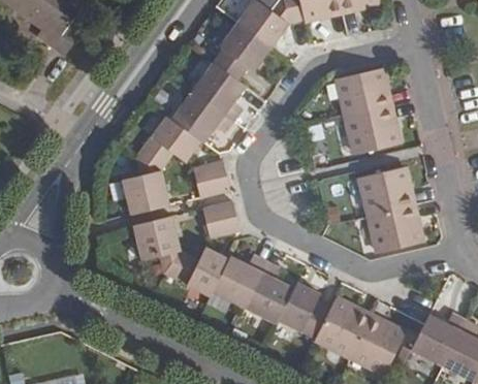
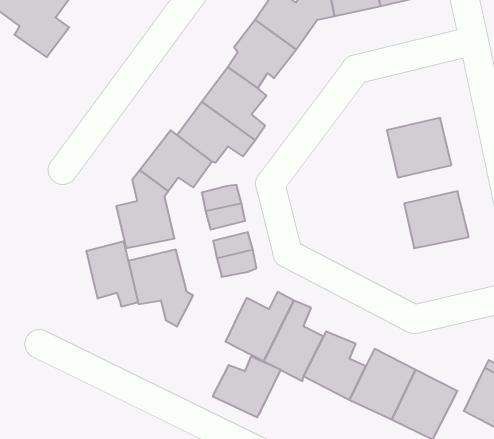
building: [337,68,390,116] -> none
building: [369,204,422,253] -> none
building: none -> [87,241,138,307]
building: [171,246,228,296] -> [213,356,281,417]

